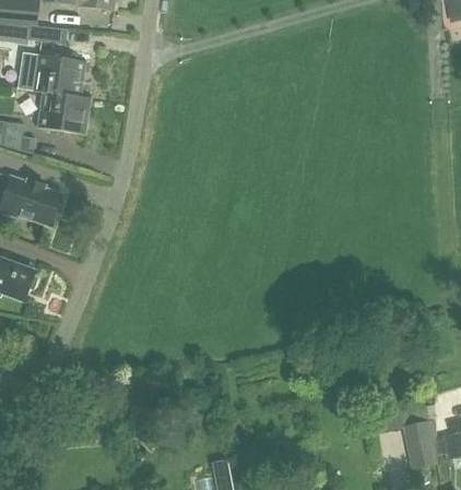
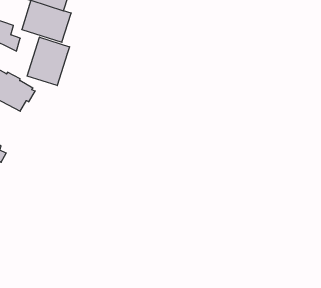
building: none -> [27,37,70,86]

